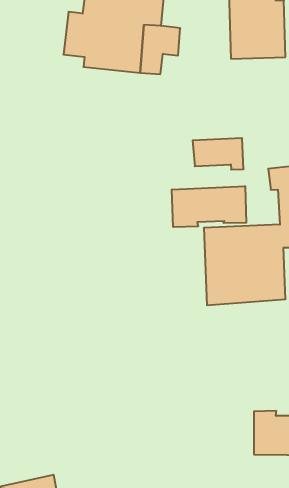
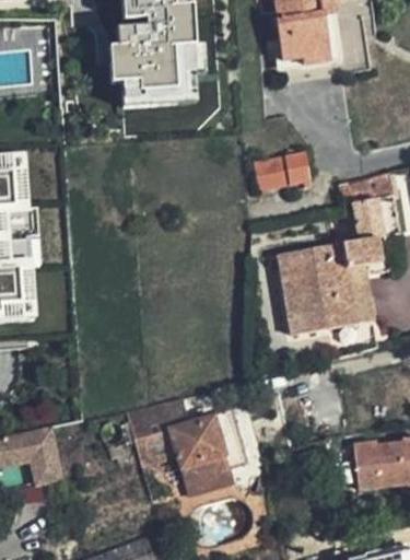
building: [172,186,246,227] -> none
building: none -> [128,396,236,494]

